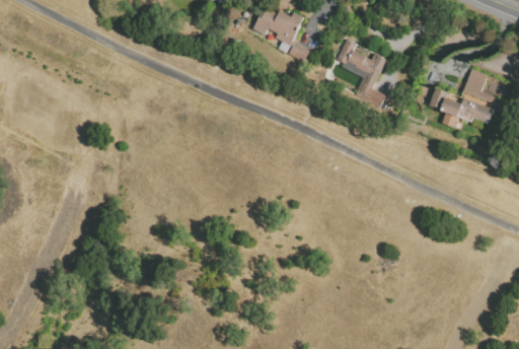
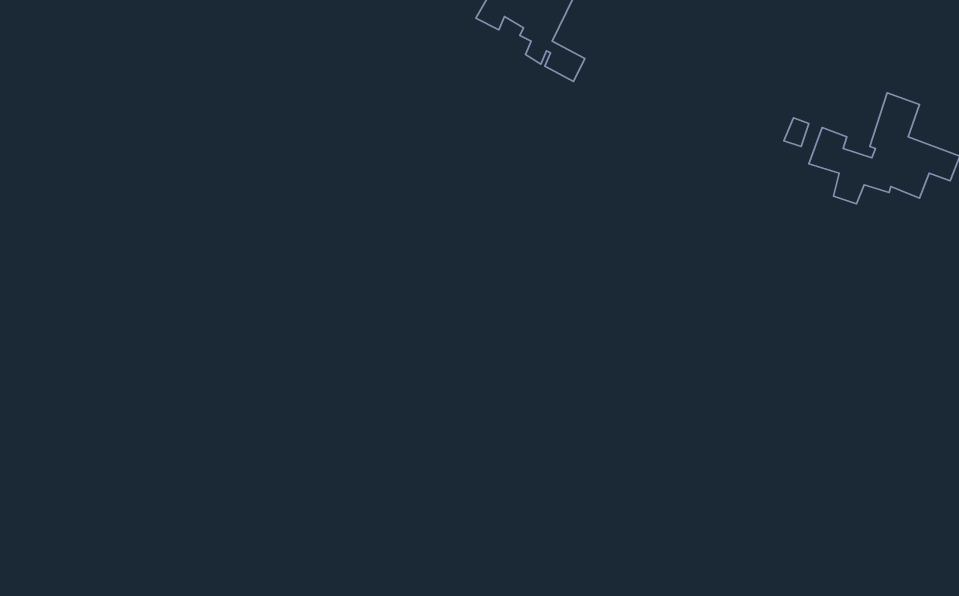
building: [337,39,386,106] -> none

